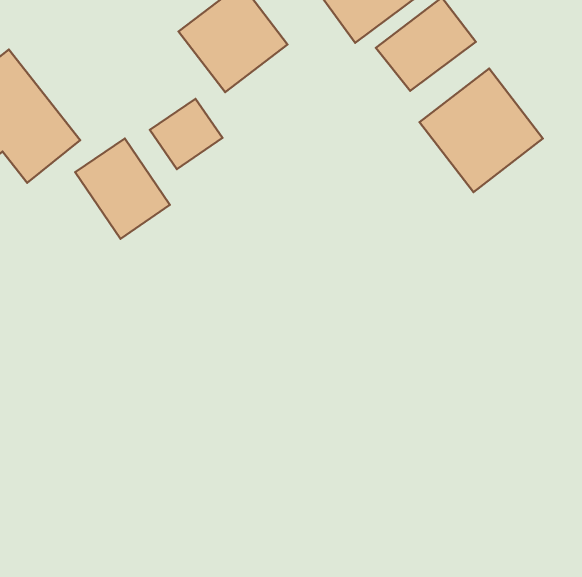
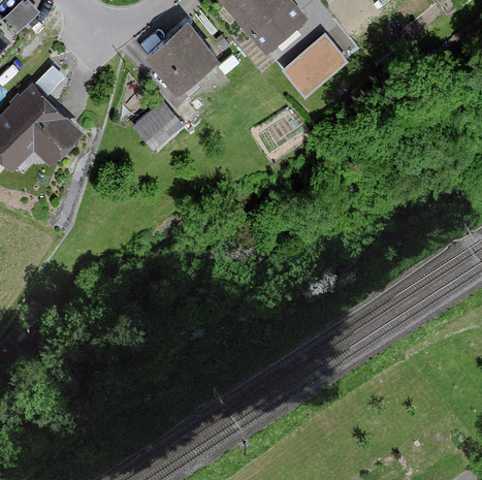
building: [420,69,543,192] -> none
building: [75,138,170,239] -> none

